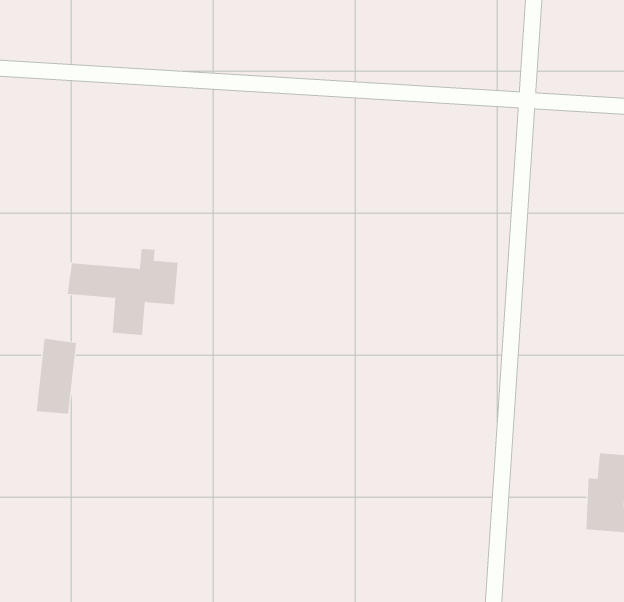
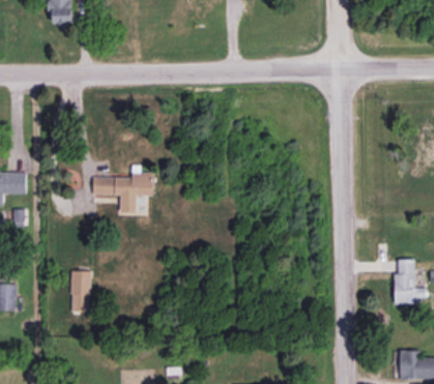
building: [36,338,77,414] -> [70,270,90,312]

